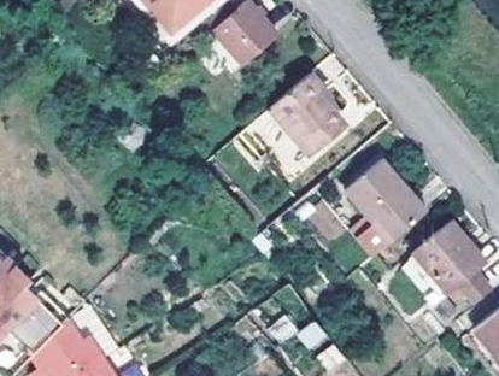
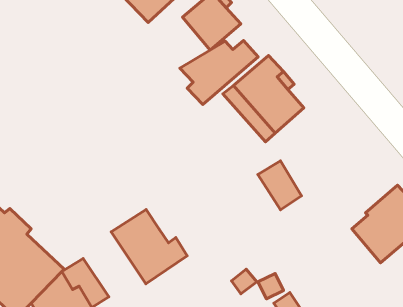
building: none -> [180,41,258,105]
building: [344,161,424,246] -> none
building: none -> [111,209,187,284]

